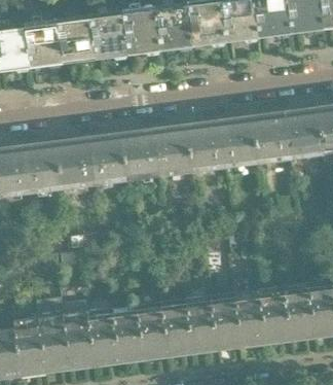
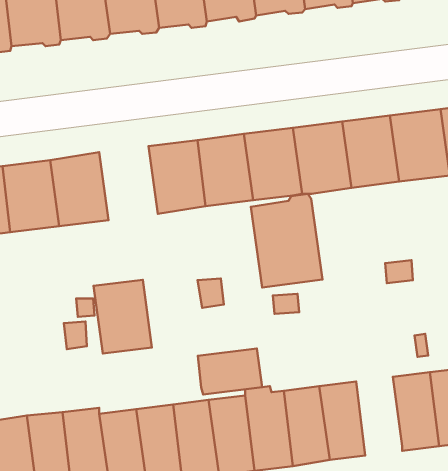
building: [86,135,125,184] -> [93,280,152,354]
building: none -> [251,194,322,287]
building: none -> [198,348,262,394]
building: [258,289,289,342] -> none

